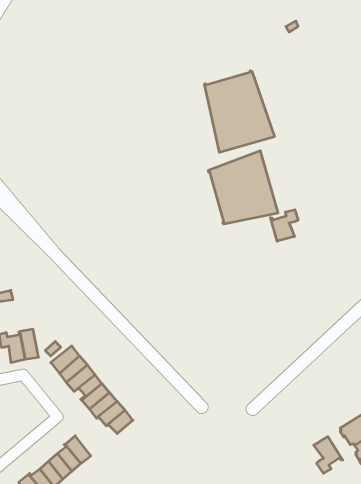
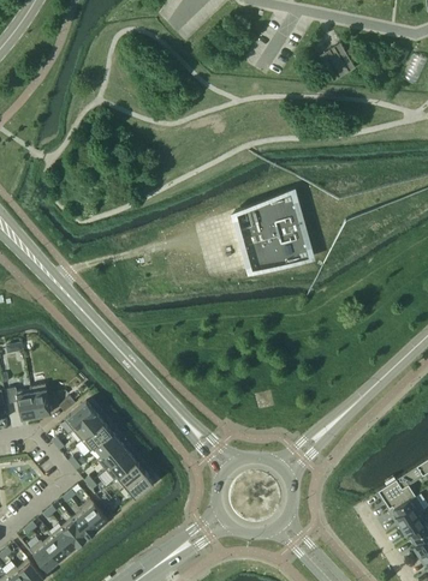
building: [204,71,274,152] -> none
building: [270,210,298,241] -> none
building: [314,437,343,473] -> none

